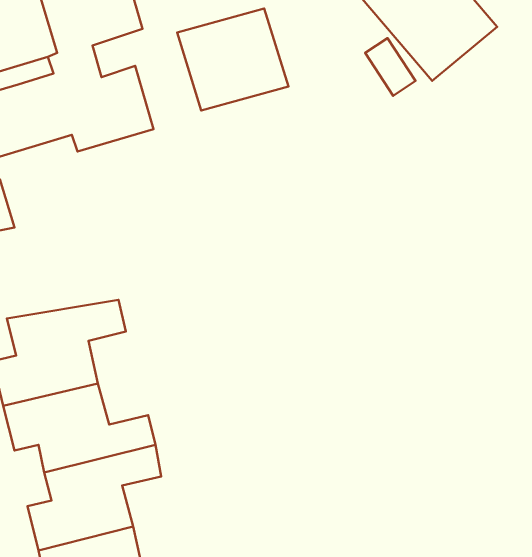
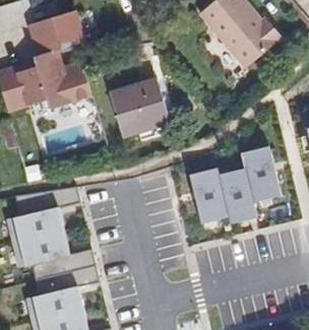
building: [177,9,288,111] -> [109,80,170,136]
building: none -> [189,146,280,224]

